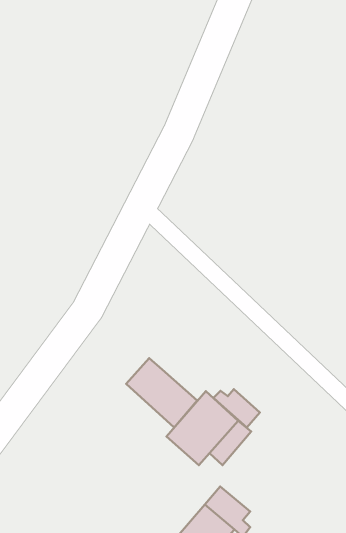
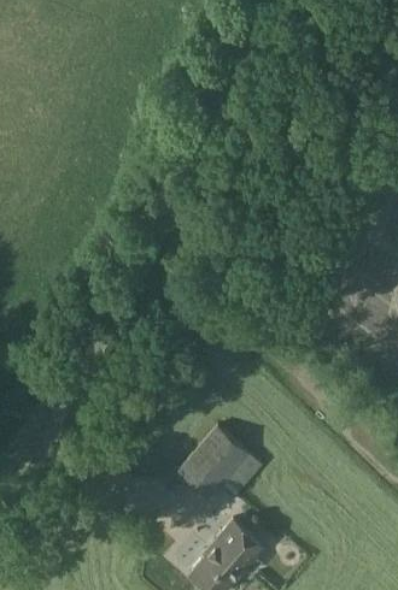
building: [126,358,197,427] -> none
building: [213,389,260,428] -> none

